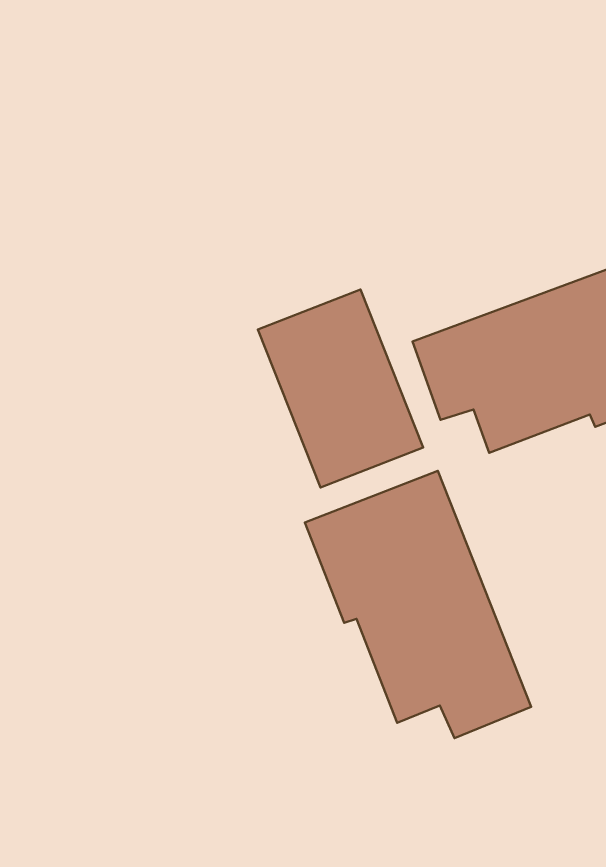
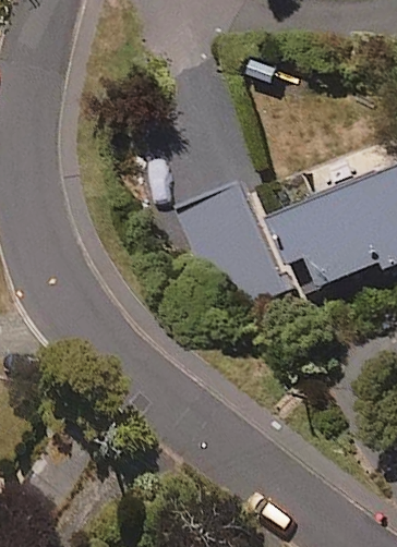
building: [305,471,531,738] -> none

